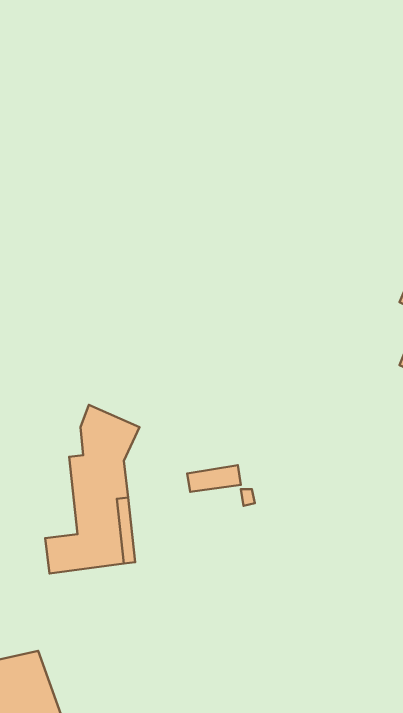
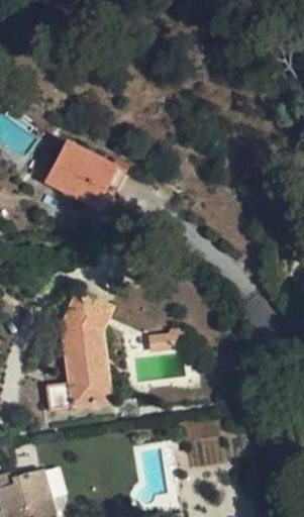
building: none -> [41,141,122,214]

